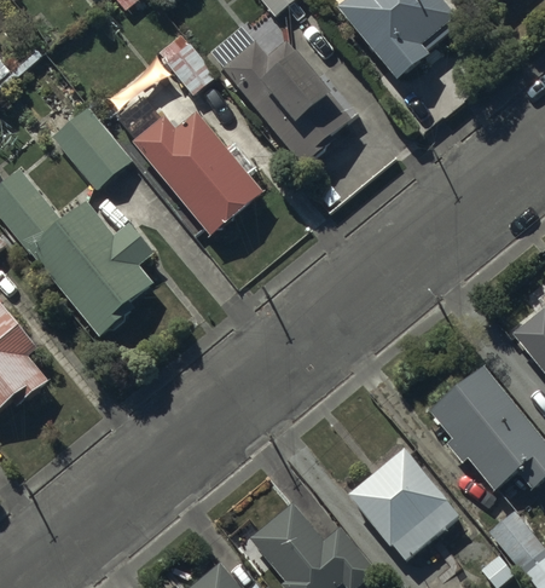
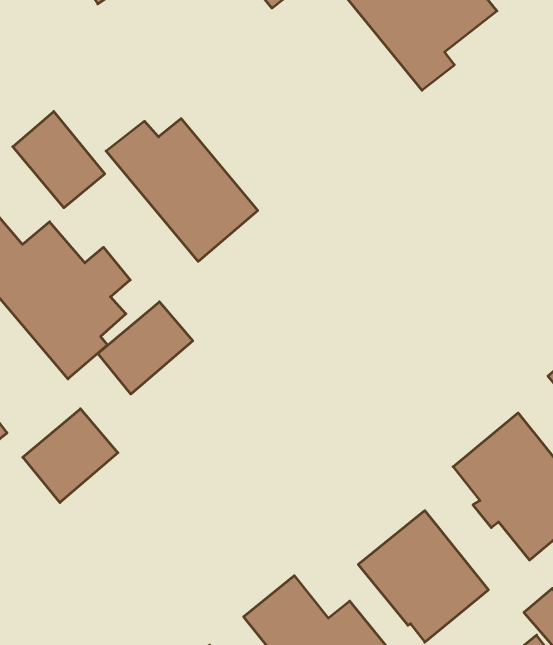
building: [207,19,350,166] -> none
building: none -> [98,302,193,394]
building: none -> [23,409,118,503]

